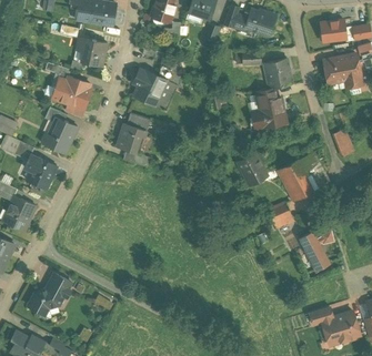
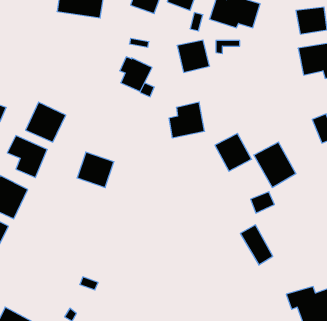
building: [70,34,109,69] -> none
building: [260,55,293,89] -> [177,40,210,72]
building: [47,70,94,112] -> none
building: [248,94,284,131] -> [169,102,205,138]
building: [109,121,147,157] -> [77,152,114,188]
building: [295,230,329,271] -> [240,225,273,265]
building: [24,272,71,317] -> none

